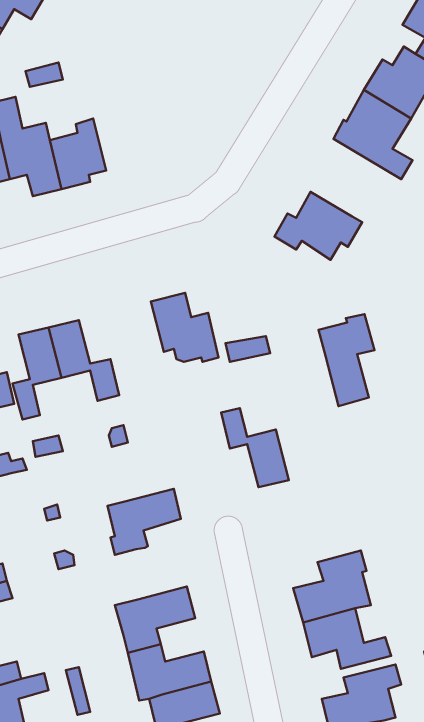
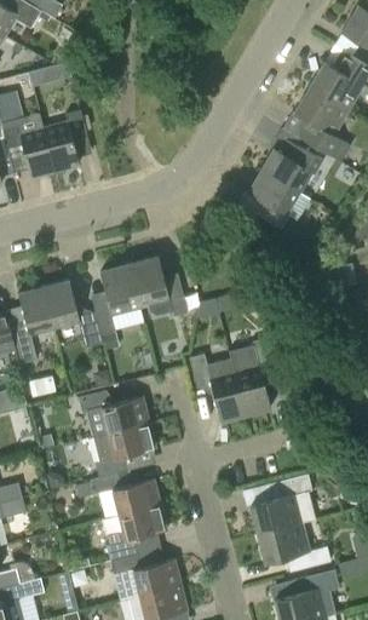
building: none -> [264,133,322,193]
building: none -> [92,264,144,348]
building: [318,314,375,406] -> [229,337,276,414]
building: none -> [79,390,149,436]
building: none -> [90,471,160,515]

